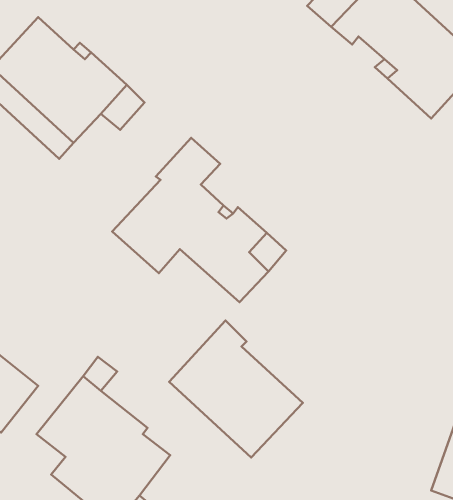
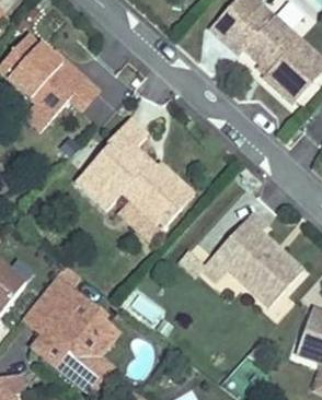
building: [169,321,303,458] -> [212,214,303,307]

